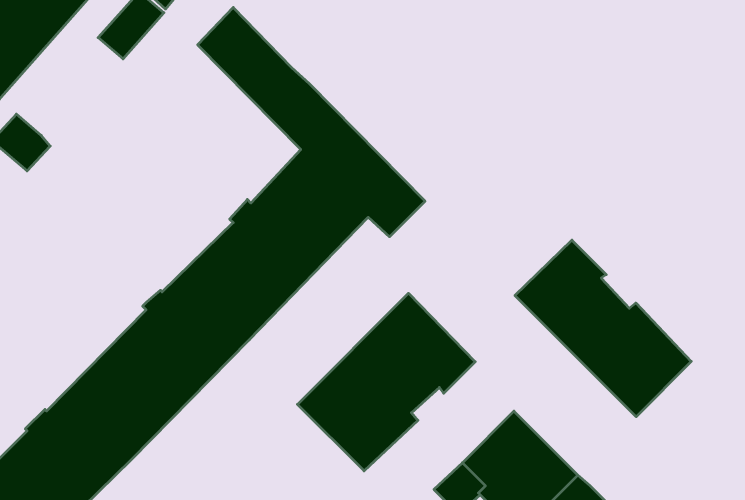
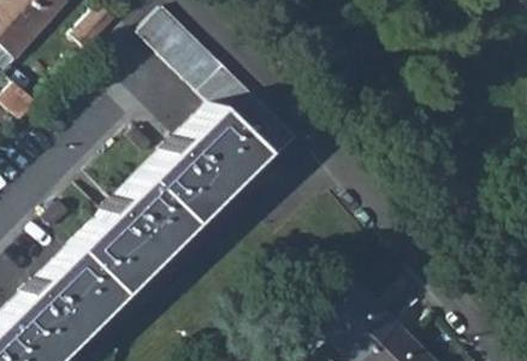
building: [515,240,691,417] -> none
building: [297,293,475,471] -> none

